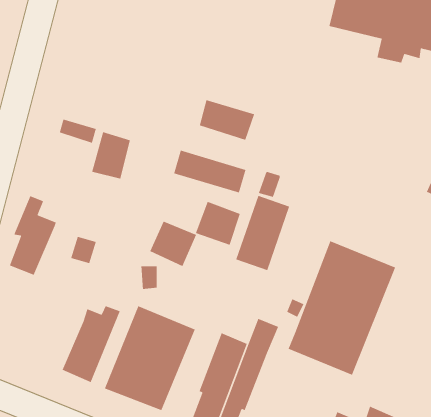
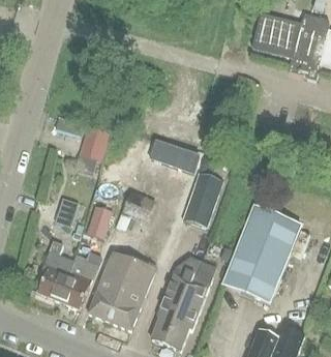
building: [199,99,255,141] -> none
building: [9,195,57,276] -> [38,240,73,299]
building: [195,201,241,246] -> none
building: none -> [86,205,113,238]

